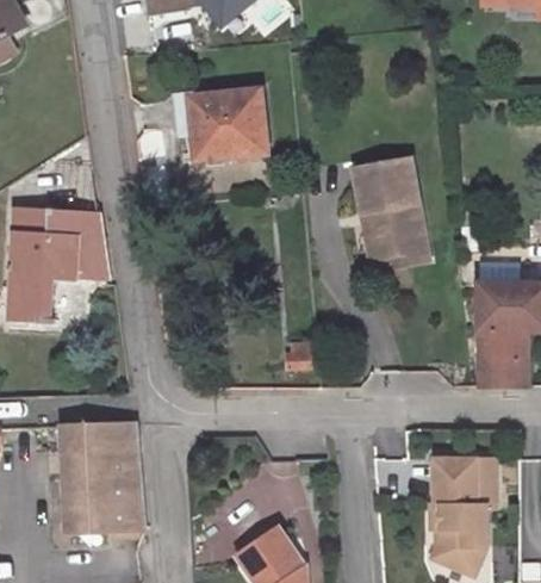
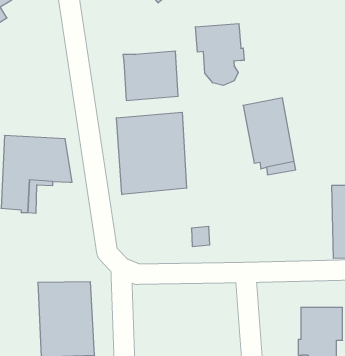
building: none -> [196,24,244,85]
building: none -> [116,112,187,195]

